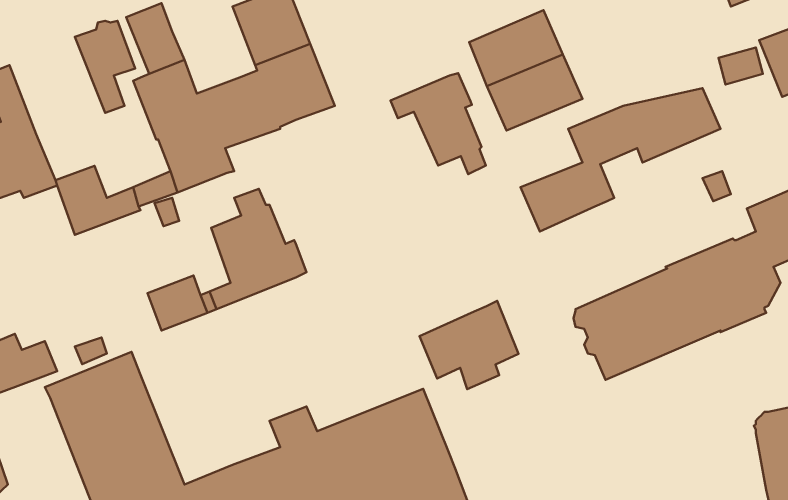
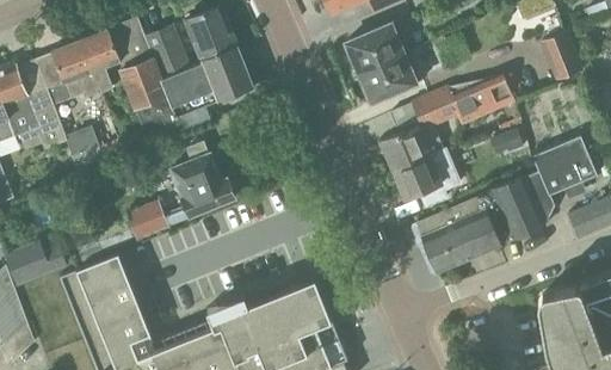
building: none -> [144,25,190,78]
building: none -> [35,39,99,105]
building: [390,73,486,174] -> none
building: [419,301,518,389] -> [393,147,459,206]

